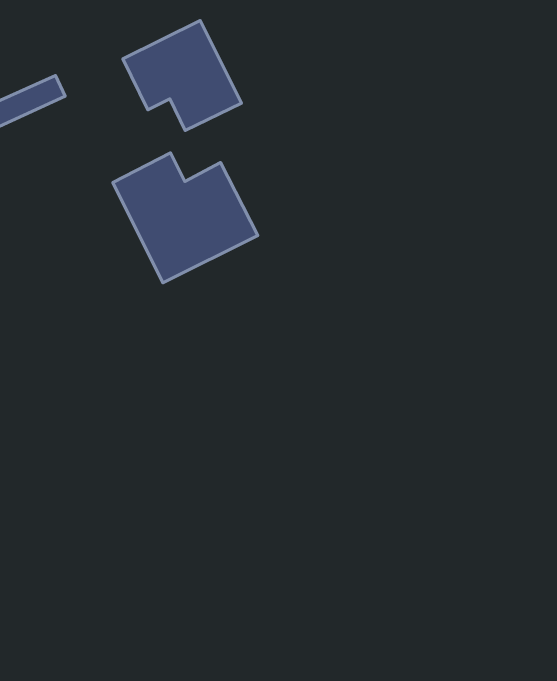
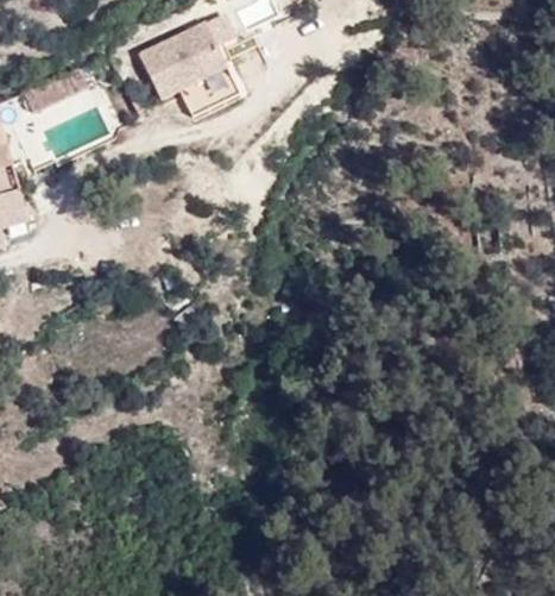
building: [113,153,258,283] -> none

